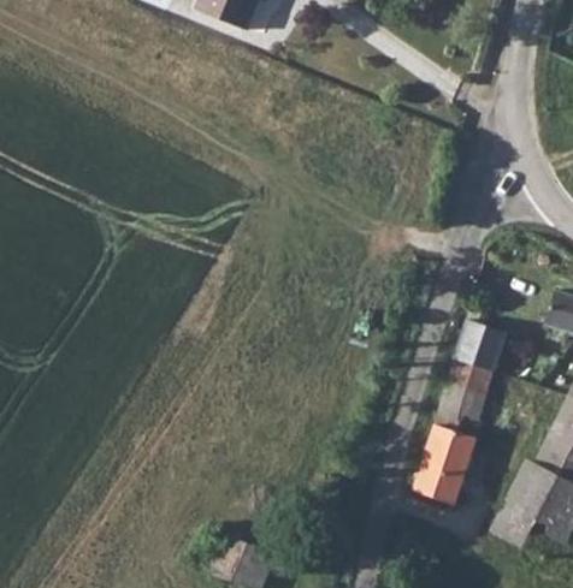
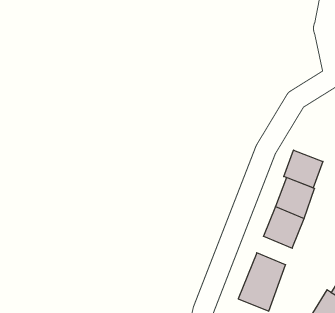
building: none -> [284,150,323,188]
building: [435,396,484,433] -> none

